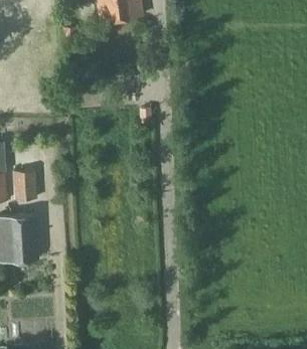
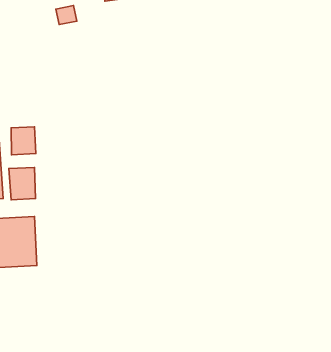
building: none -> [11,127,36,155]

